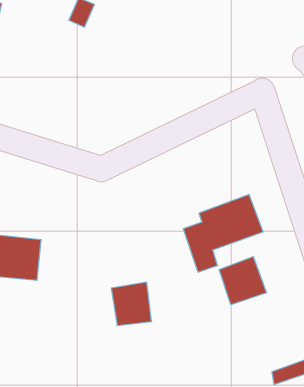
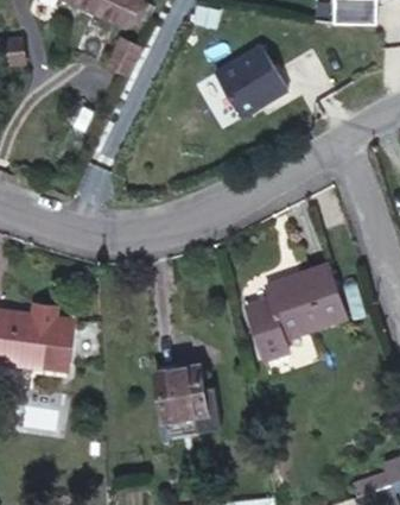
building: none -> [215,46,287,119]
building: [219,257,267,305] -> none

